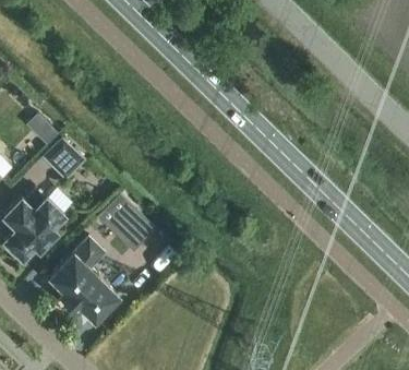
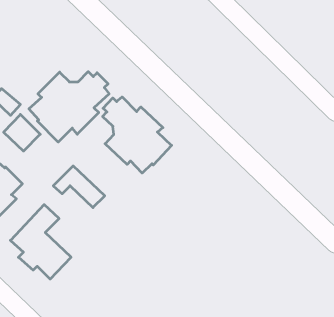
building: none -> [29,72,109,142]
building: none -> [103,97,172,173]

